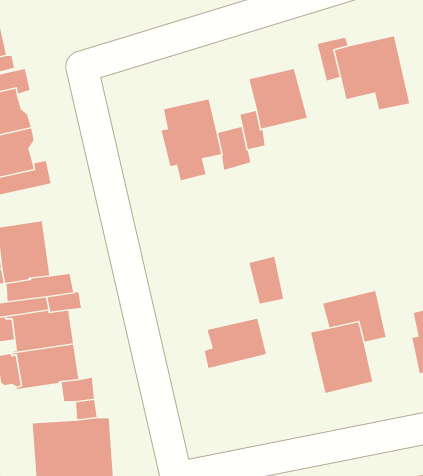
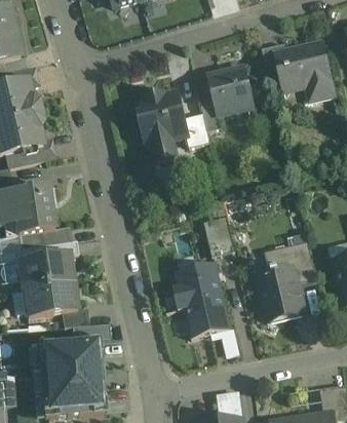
building: none -> [177,291,232,338]

